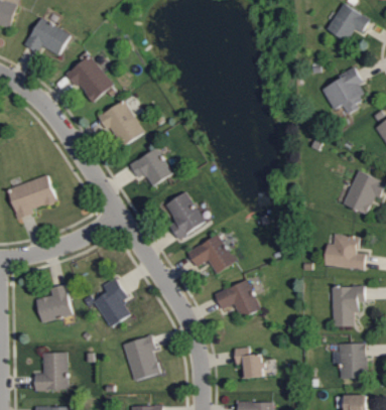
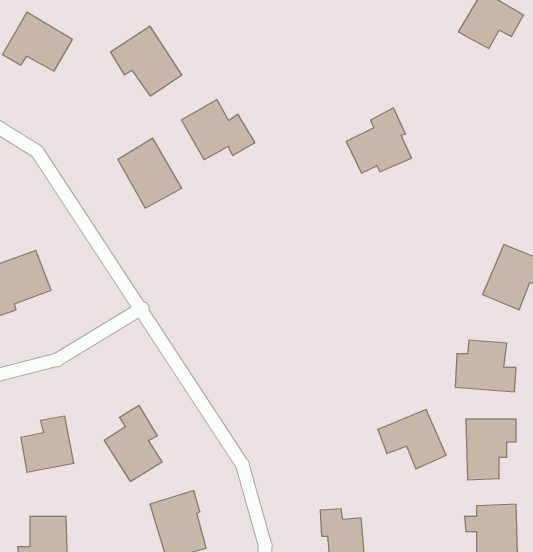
building: [65,55,112,102] -> [111,26,182,96]
building: [323,66,366,110] -> [346,108,412,173]
building: none -> [181,100,255,160]
building: [129,148,171,186] -> none
building: [164,191,205,240] -> none
building: [186,234,235,274] -> none
building: [215,280,260,319] -> [378,410,446,469]

